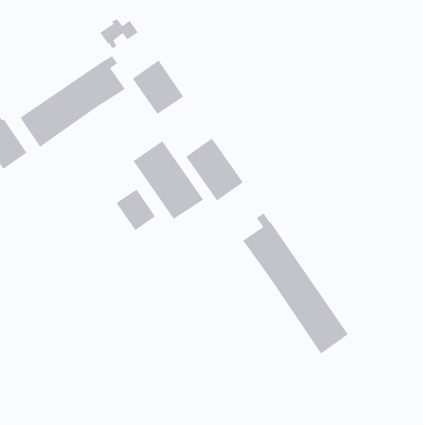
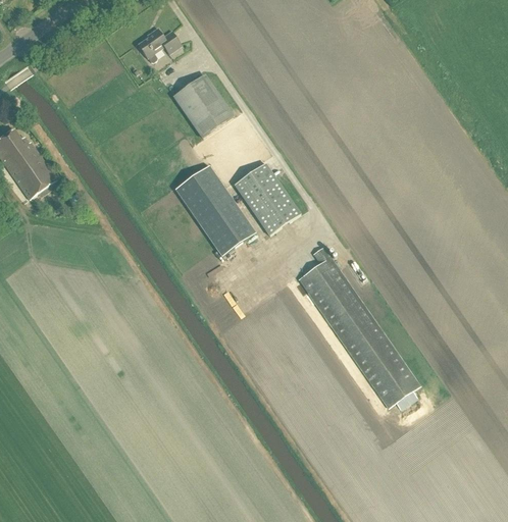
building: [19,55,126,148] -> none
building: [115,188,156,231] -> none

